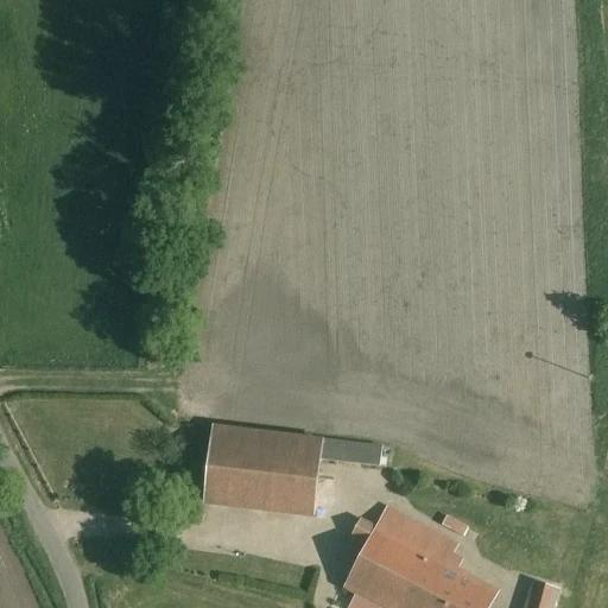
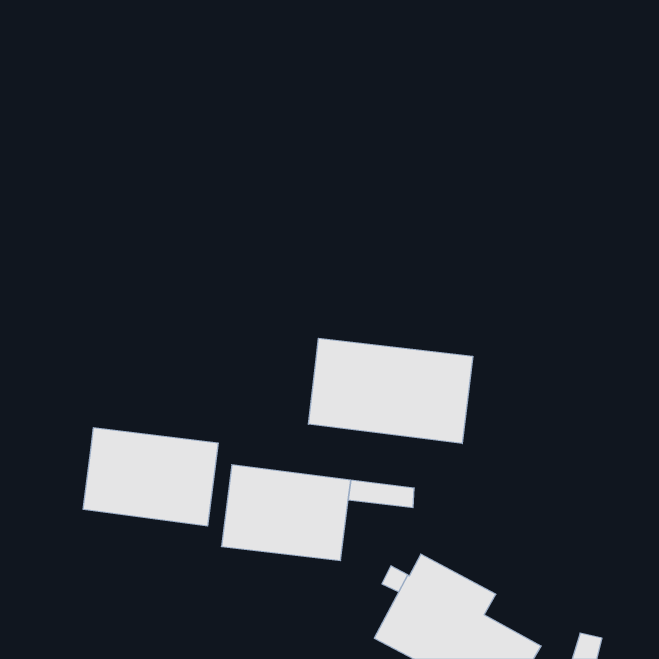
building: none -> [308,338,473,444]
building: none -> [83,428,218,526]

